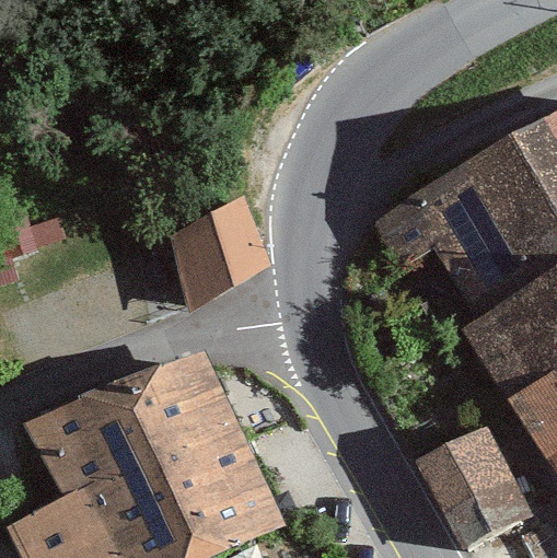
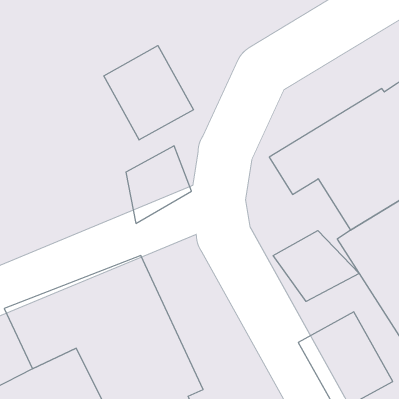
building: none -> [104,46,193,140]
building: none -> [273,231,359,301]

